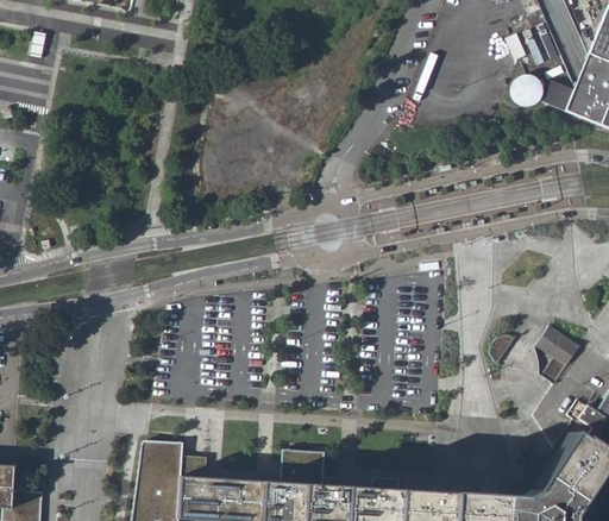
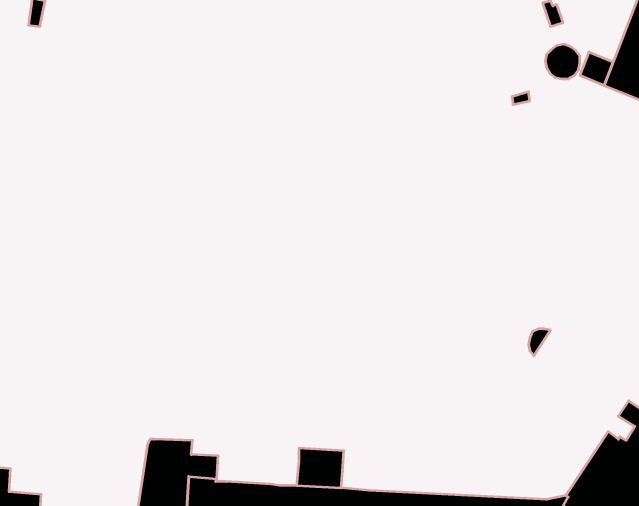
building: [538,328,578,384] -> none

